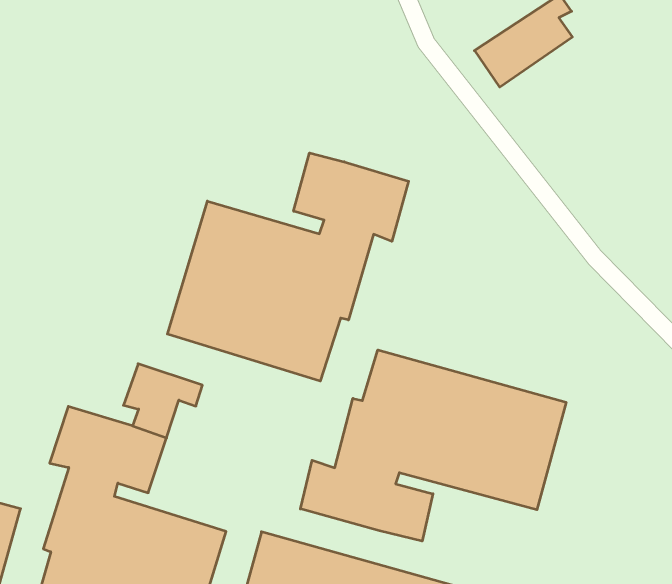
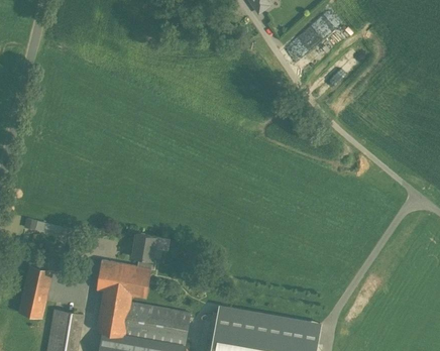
building: [167,153,409,381] -> none
building: [300,350,566,541] -> none

